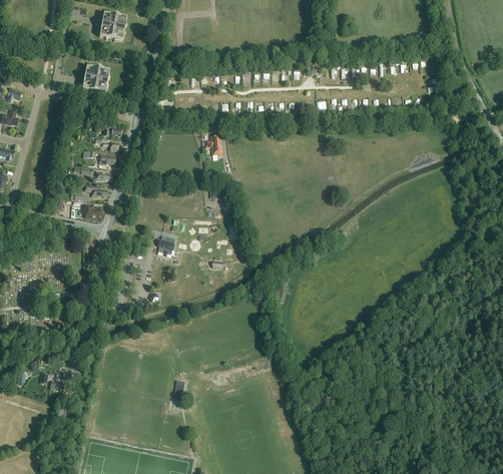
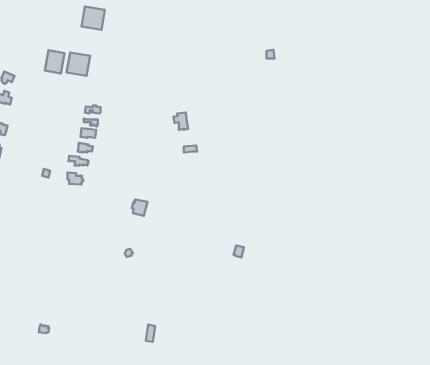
building: none -> [45,50,65,73]

